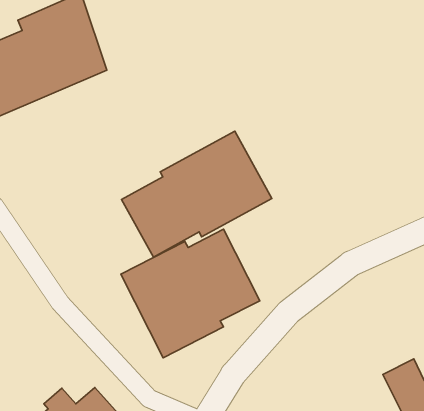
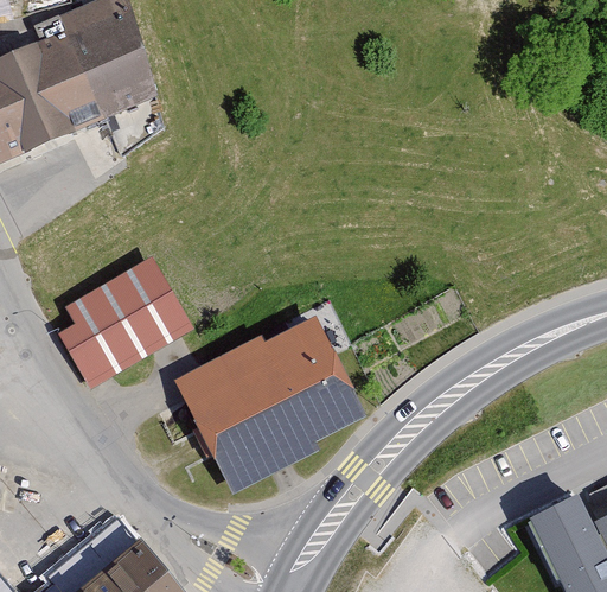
building: [122,131,272,257] -> none
building: none -> [57,255,192,388]

